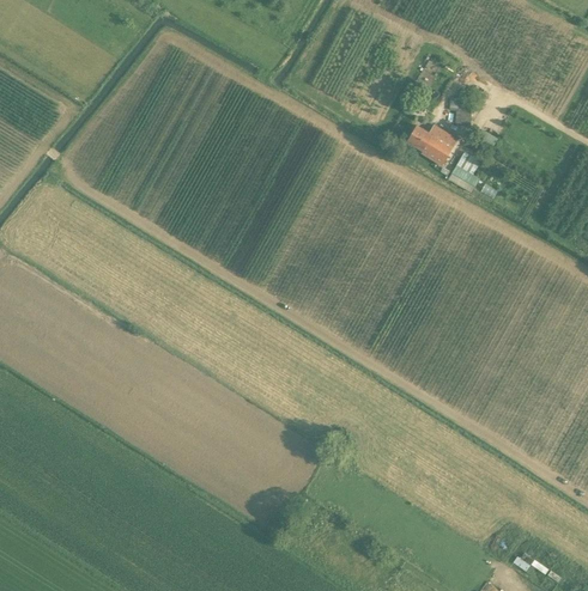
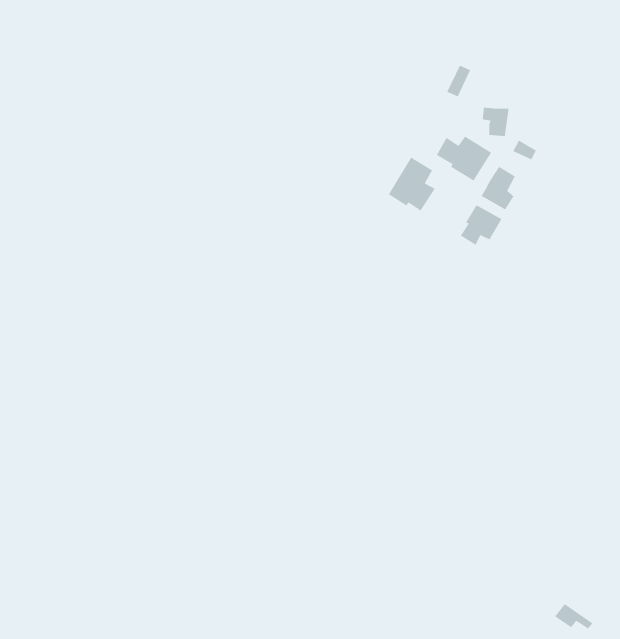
building: none -> [388,157,436,212]
building: none -> [460,204,502,246]

